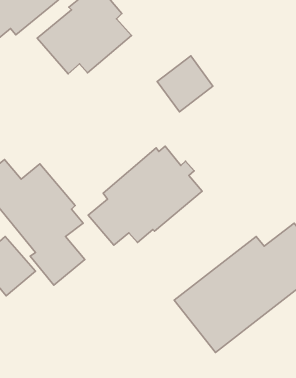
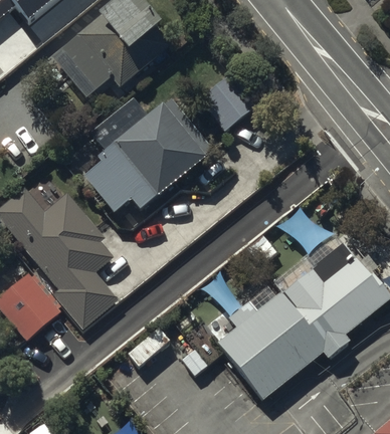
building: [88,146,202,245] -> [82,97,212,210]

